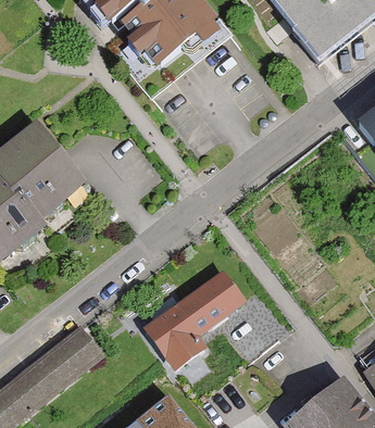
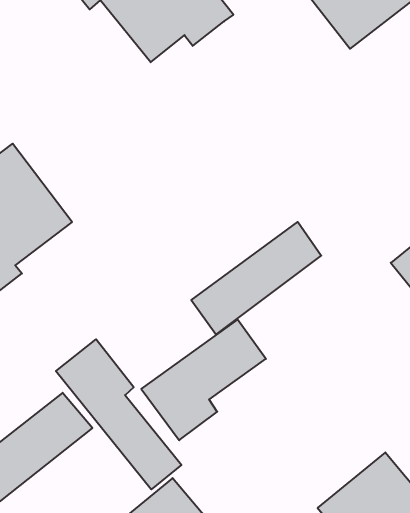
building: none -> [191,222,321,334]
building: none -> [56,339,181,489]

